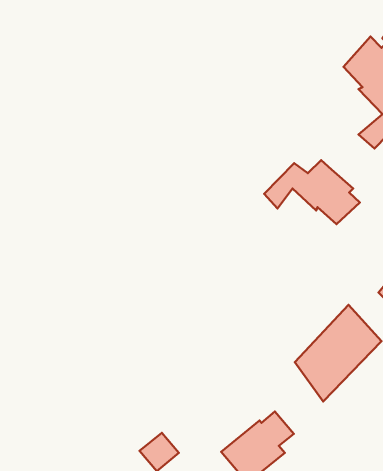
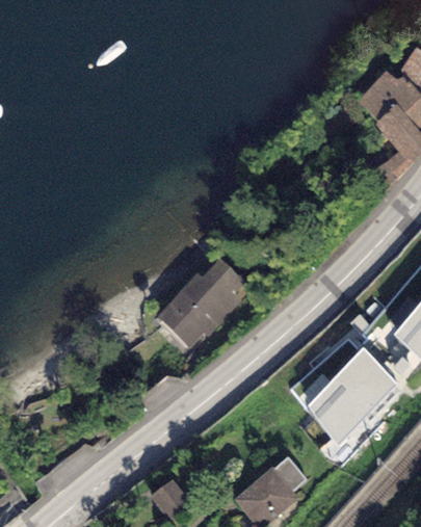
building: [264,160,360,224] -> none
building: none -> [155,258,252,347]

